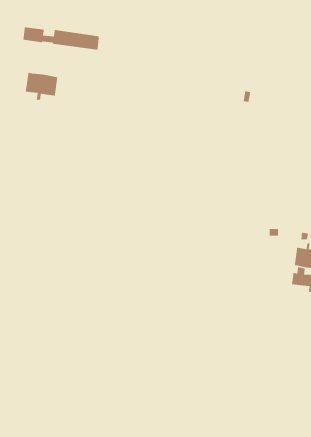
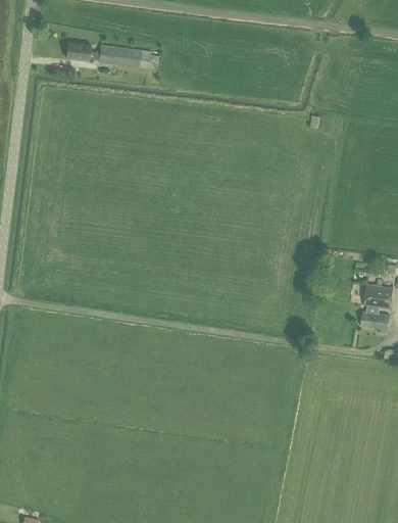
building: [25,72,58,101] -> none

